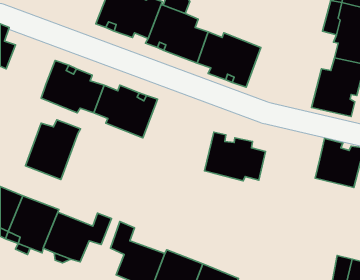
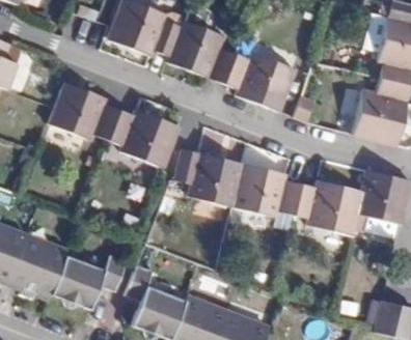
building: [25,120,80,179] -> none
building: none -> [174,149,242,205]
building: none -> [293,179,361,234]

